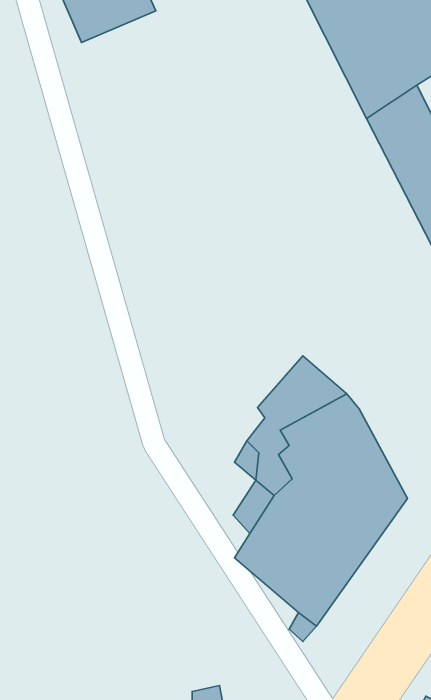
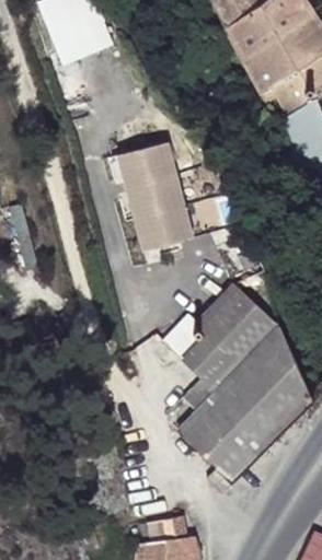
building: none -> [112,136,206,249]

